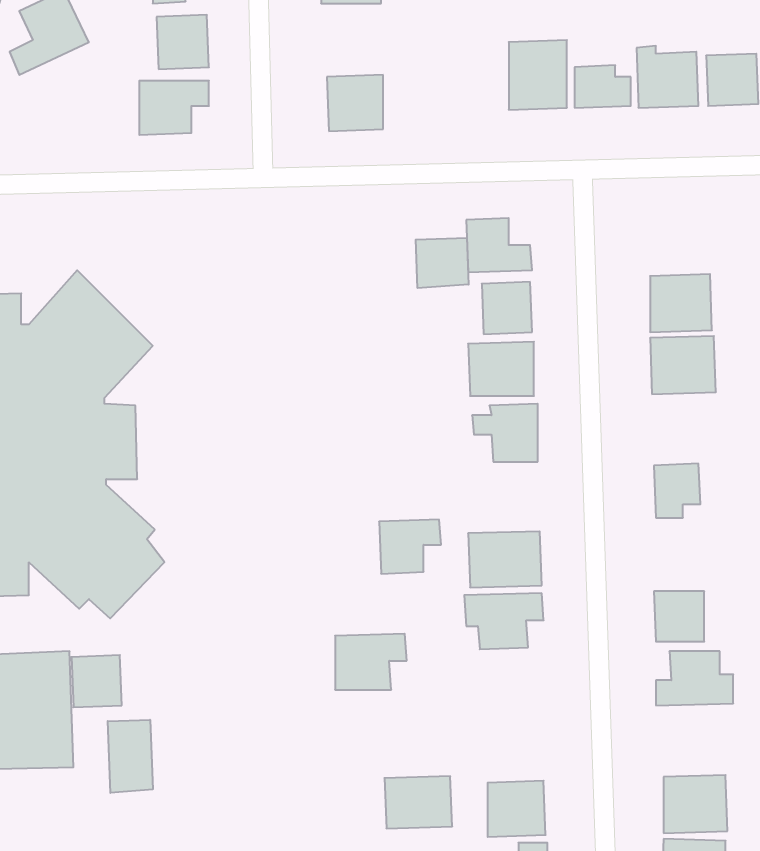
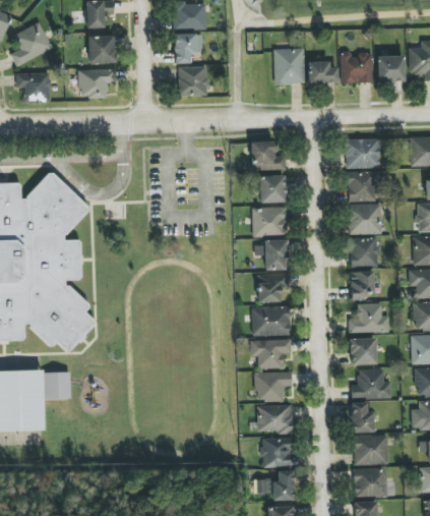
building: none -> [174,34,202,63]
building: none -> [16,72,51,102]
building: none -> [345,138,379,168]
building: [416,238,469,288] -> none
building: none -> [351,237,378,267]
building: [379,520,441,574] -> [257,274,290,302]
building: none -> [349,303,389,333]
building: [335,634,407,690] -> [255,371,293,401]
building: none -> [352,402,374,433]
building: [108,720,153,793] -> none
building: [384,776,452,828] -> [257,405,293,433]

